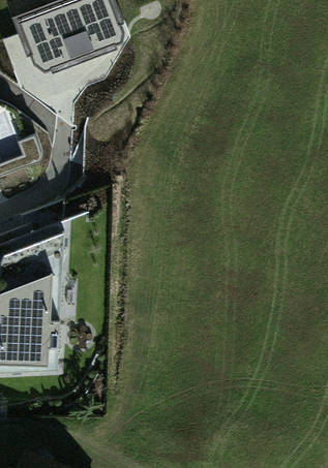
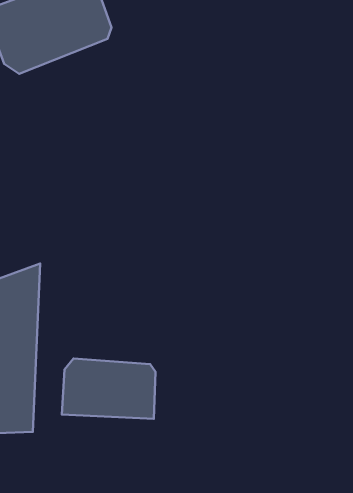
building: none -> [62,359,156,419]

